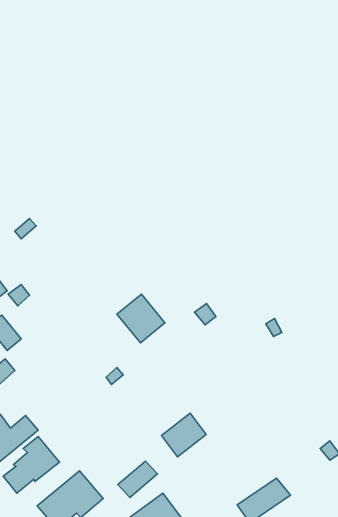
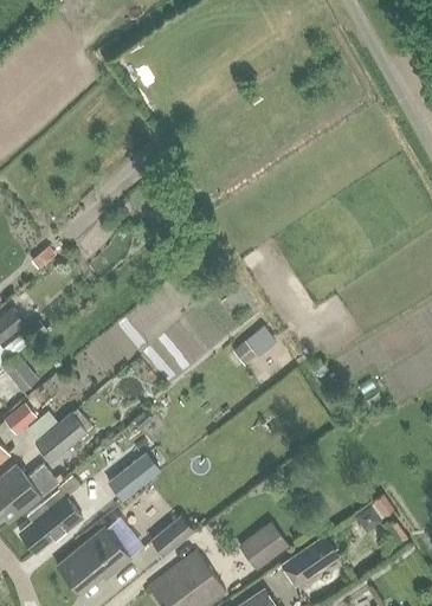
building: none -> [37,413,86,459]
building: none -> [105,447,155,494]
building: [162,413,206,457] -> [239,520,289,568]

